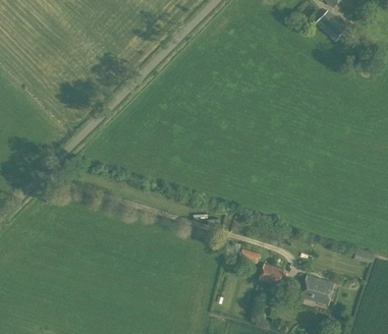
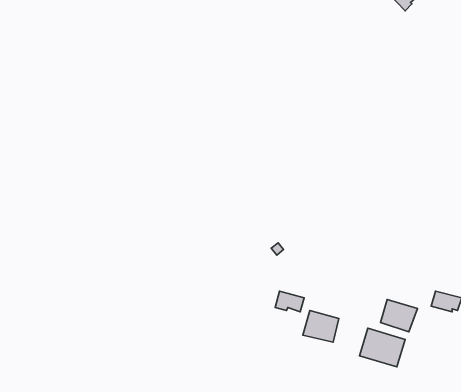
building: none -> [381,300,418,332]

